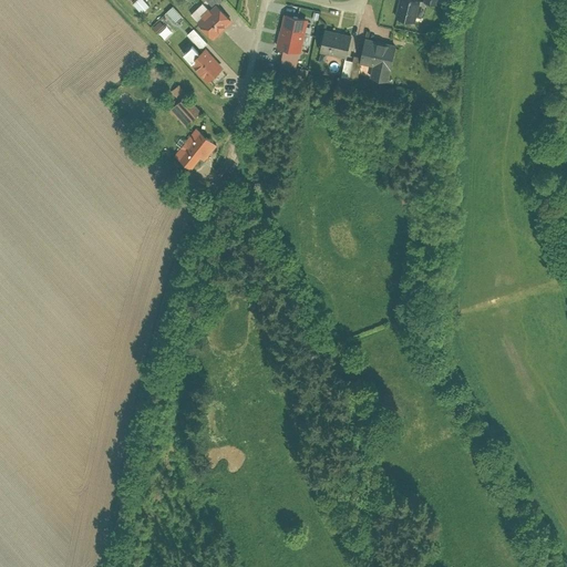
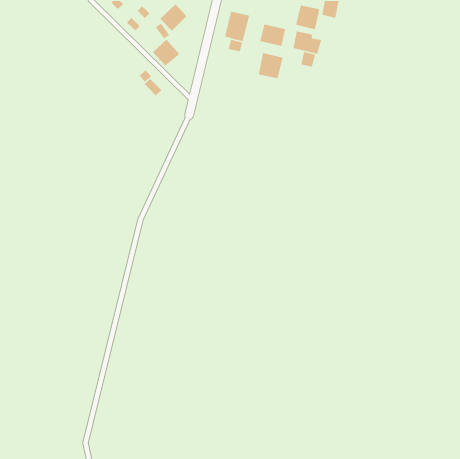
building: none -> [295,5,320,30]
building: none -> [258,52,284,79]
building: [176,130,216,168] -> none

